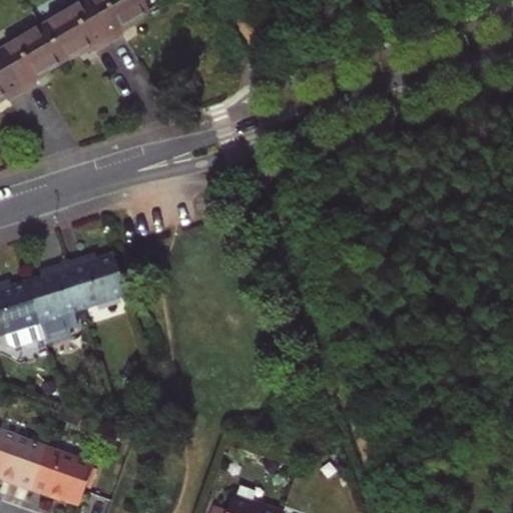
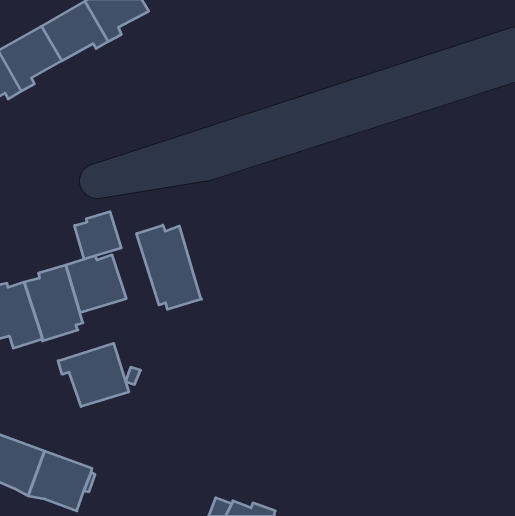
building: none -> [75,212,121,259]
building: none -> [137,225,202,309]
building: none -> [58,343,129,407]

